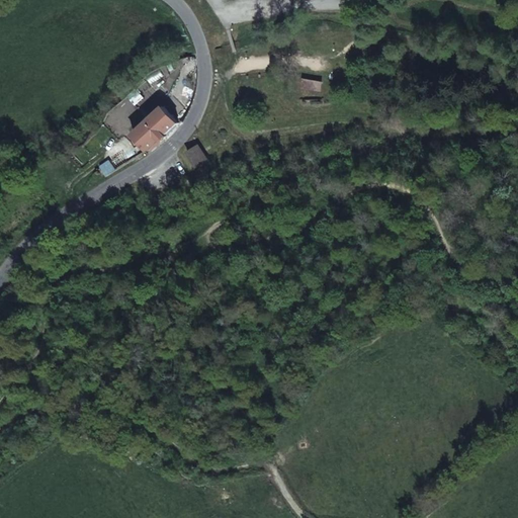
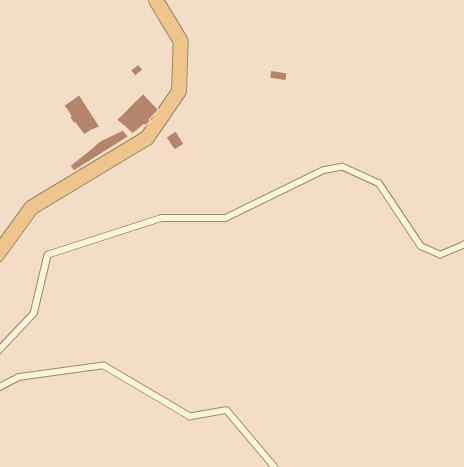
building: none -> [64,95,100,135]

